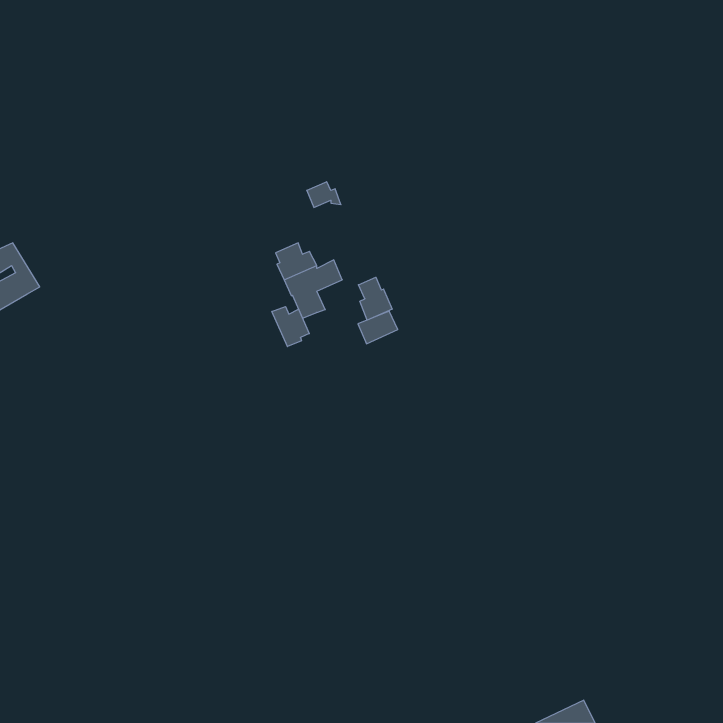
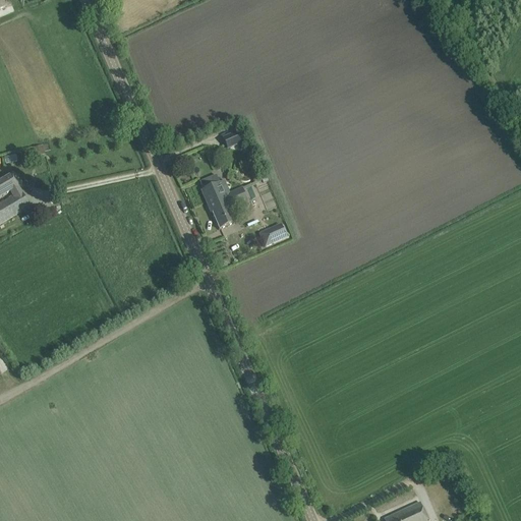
building: [358,277,392,320] -> none
building: [272,307,309,347] -> none

